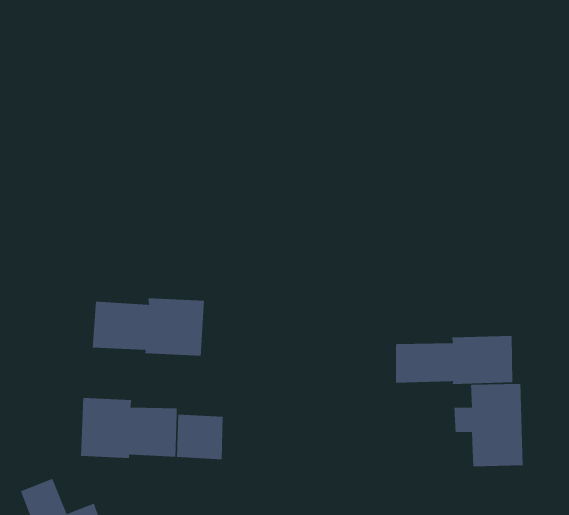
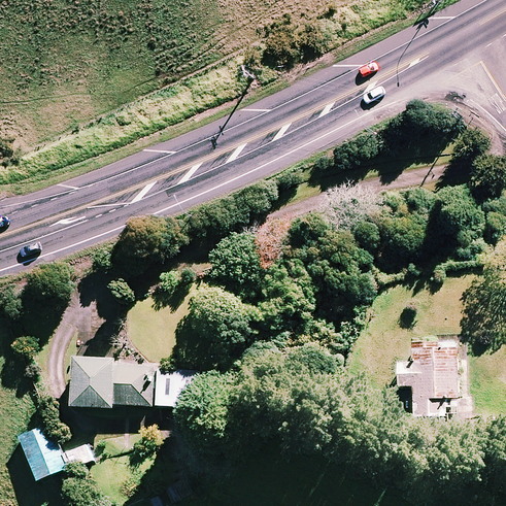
building: [92,297,205,357] -> none
building: [395,335,513,385] -> none

